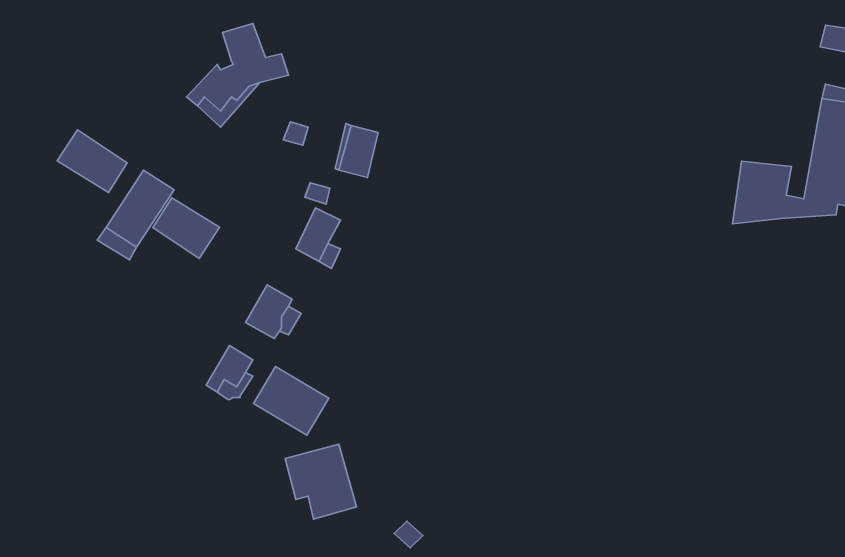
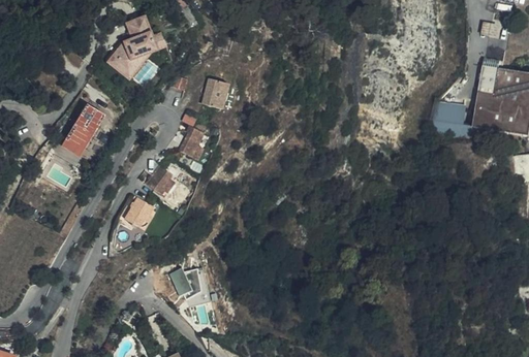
building: [57,130,127,192] -> none
building: [153,198,220,259] -> none
building: [254,367,329,435] -> none

